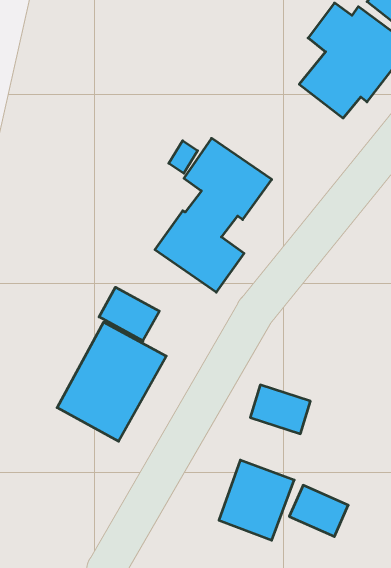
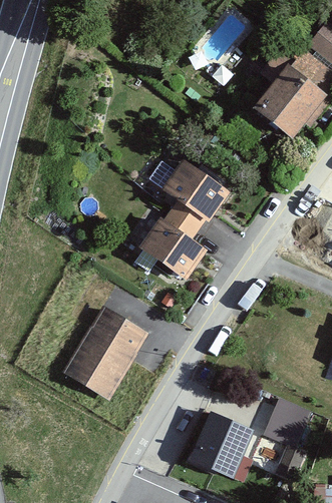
building: [99,287,159,341] -> none
building: [250,385,310,434] -> [252,401,300,440]

